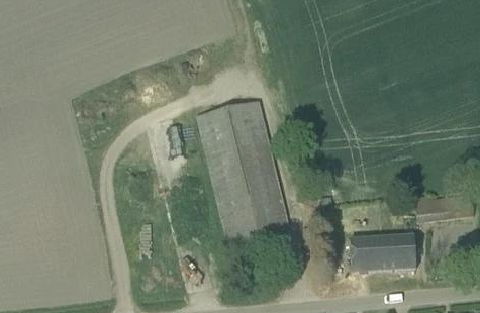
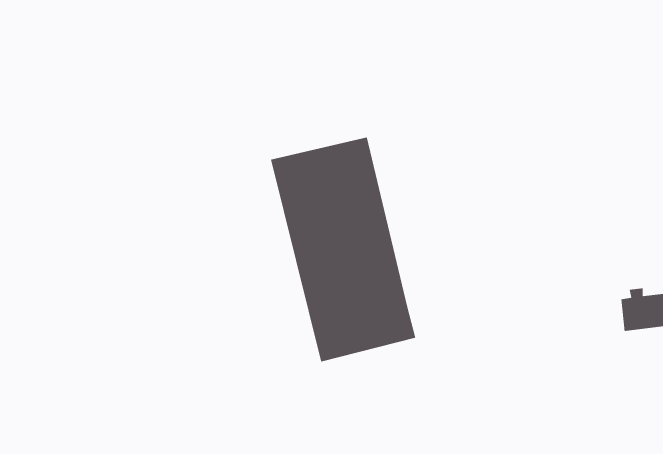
building: [350,236,416,273] -> none

